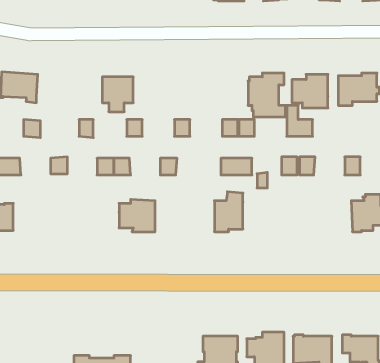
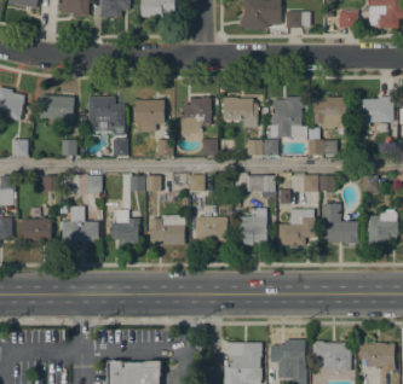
building: none -> [87,97,125,138]
building: none -> [180,98,211,134]
building: none -> [220,98,259,128]
building: none -> [322,204,358,244]
building: none -> [59,206,98,242]
building: none -> [278,209,315,245]
building: none -> [110,210,139,245]
building: none -> [195,216,226,246]

